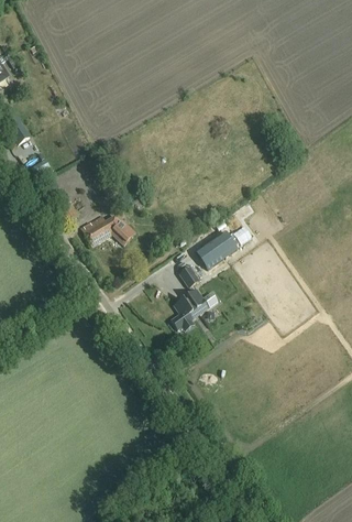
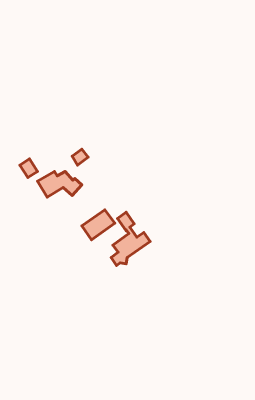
building: [195,231,235,269] -> [82,210,115,240]

